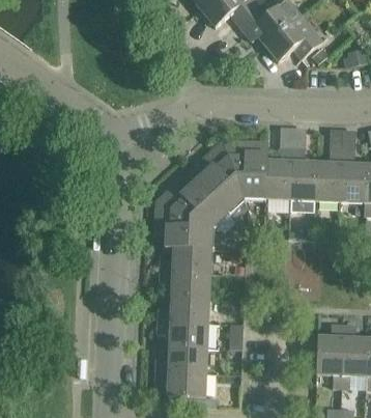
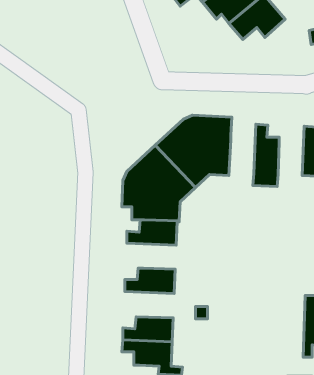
building: [265,148,293,201] -> none
building: [316,150,343,201] -> none
building: [160,271,211,298] -> none
building: [158,321,209,347] -> none
building: [317,324,344,388] -> none

